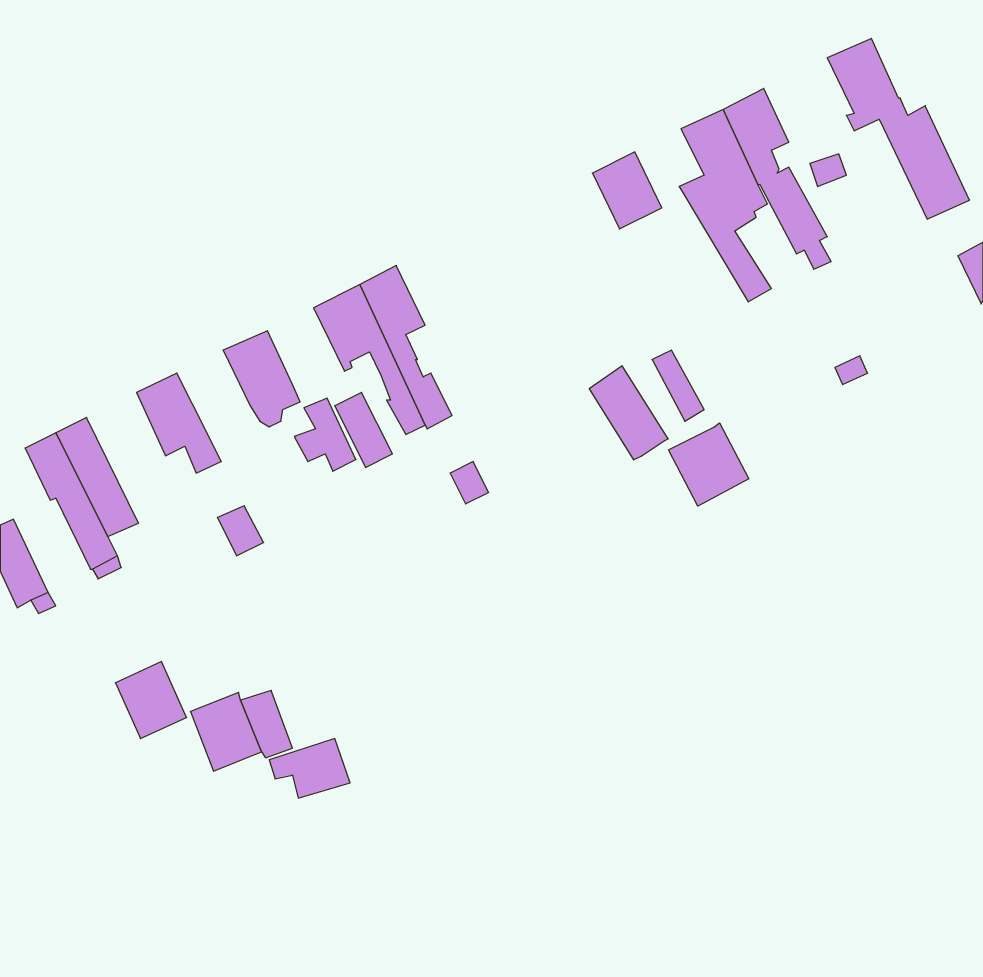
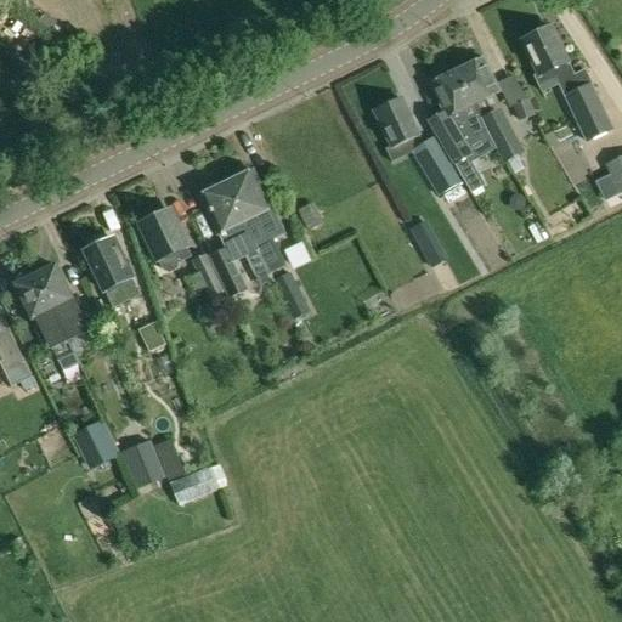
building: [589,366,668,460] -> [412,134,462,193]
building: [669,423,749,506] -> none

